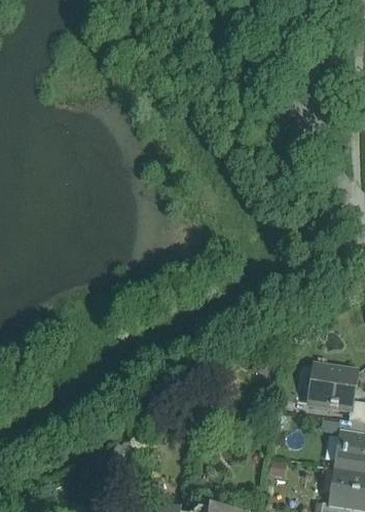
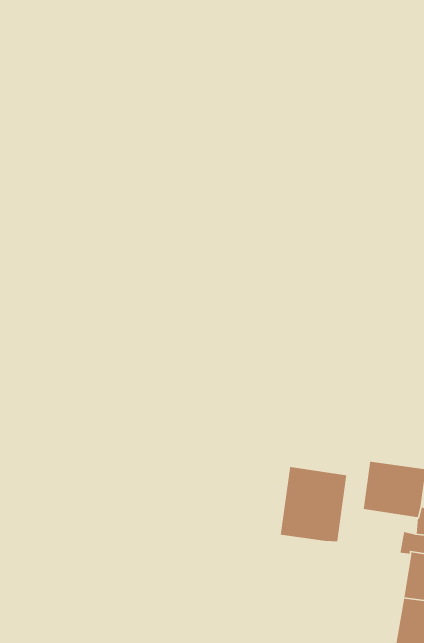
building: none -> [280,466,347,542]

